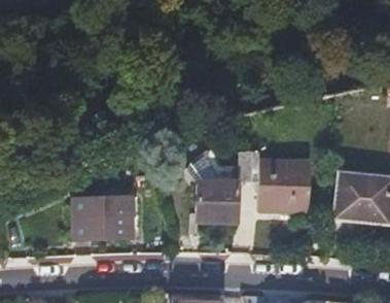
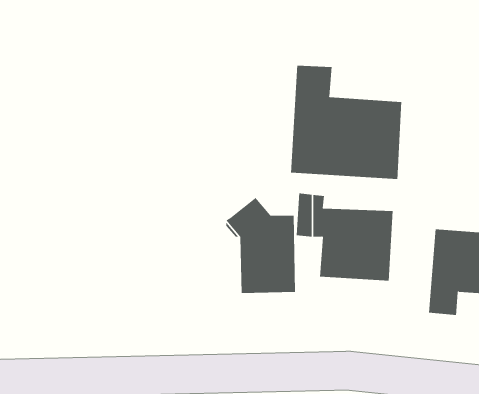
building: none -> [290,65,402,180]
building: [70,196,130,240] -> none

